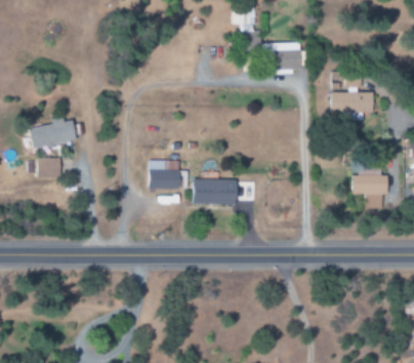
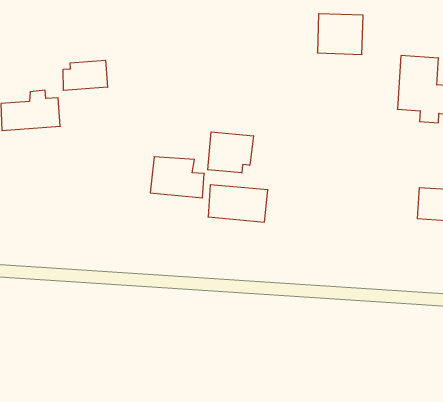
building: none -> [63,60,108,90]
building: none -> [208,132,253,173]
building: [37,158,60,178] -> none

